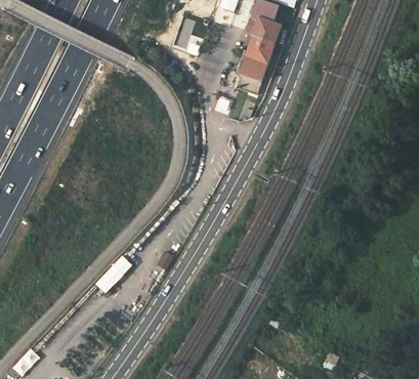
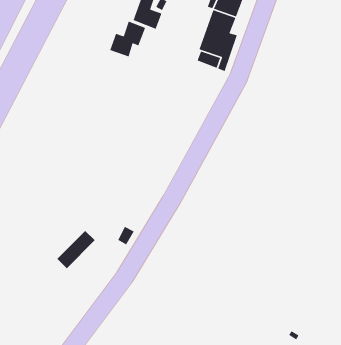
building: none -> [109,21,146,58]

